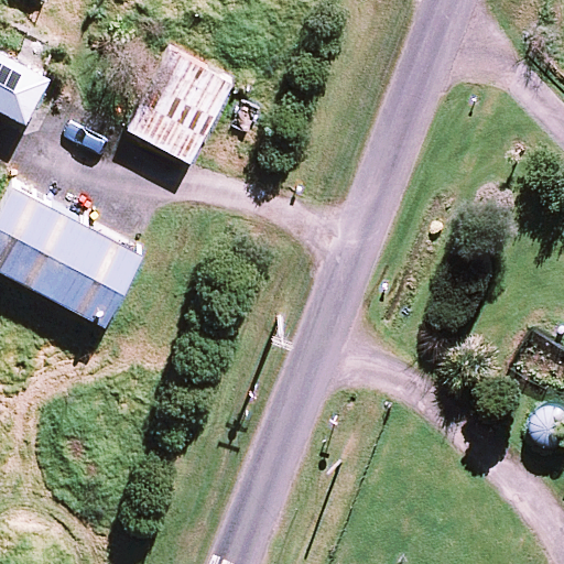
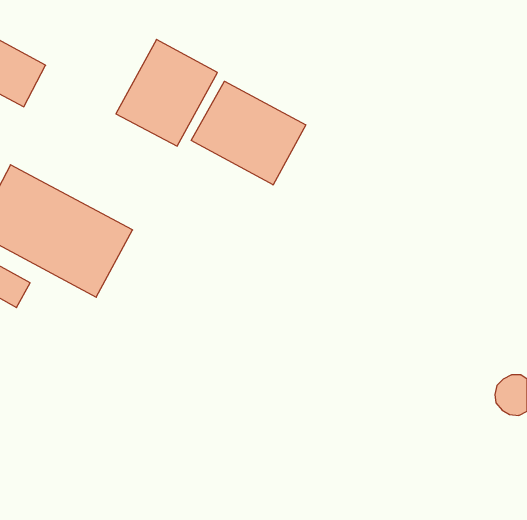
building: none -> [191,81,306,185]

